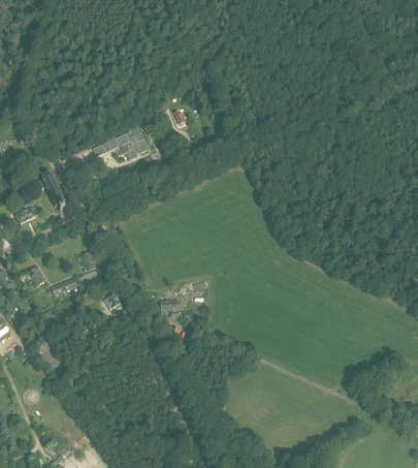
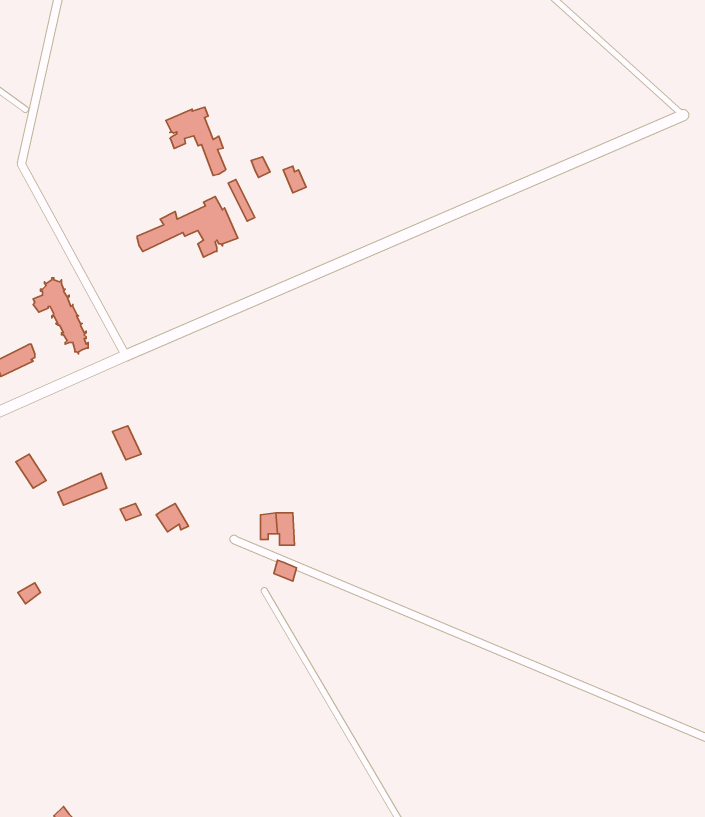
building: none -> [166,107,226,176]

